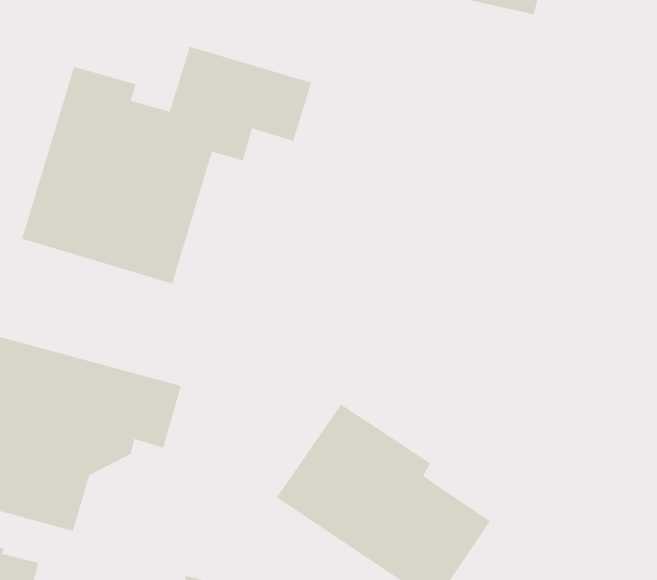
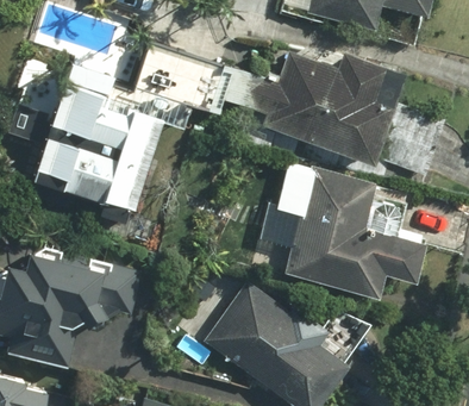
building: none -> [263,52,404,161]
building: none -> [284,165,426,294]

